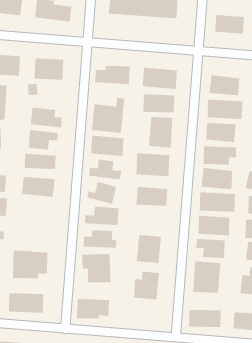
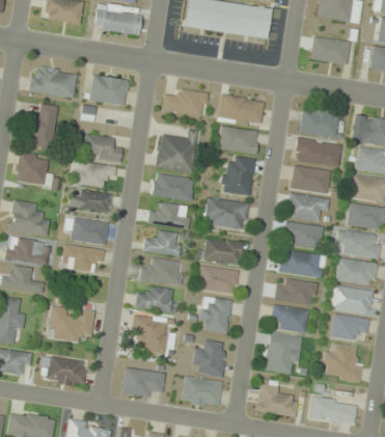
building: none -> [61,244,102,272]
building: none -> [198,266,238,293]
building: none -> [182,377,221,406]

